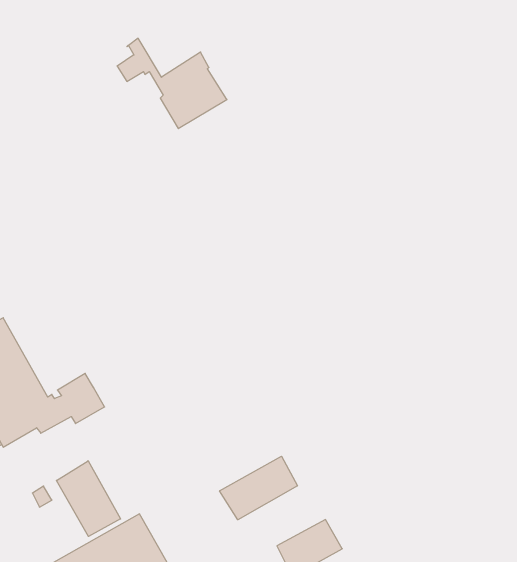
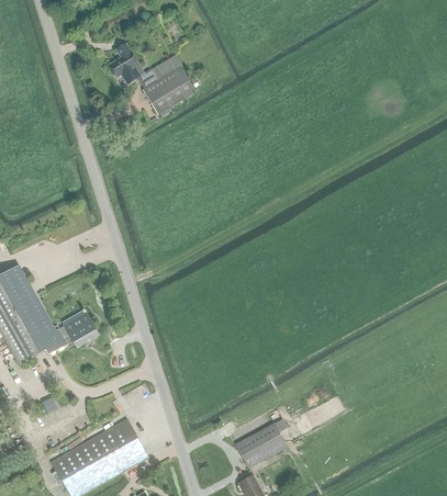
building: [220,456,297,520] -> none
building: [56,461,121,536] -> none

